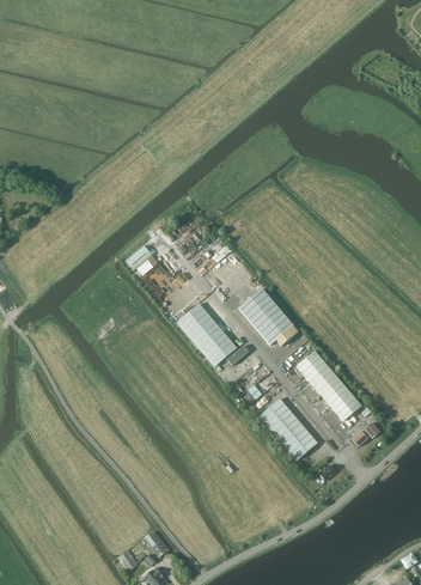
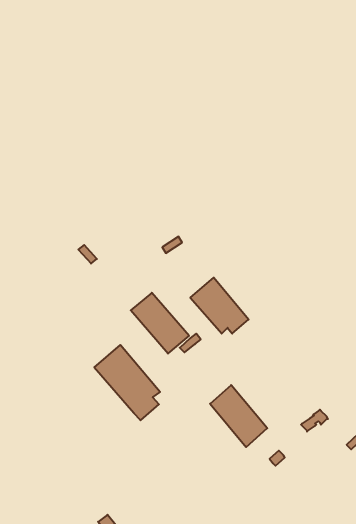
building: [297,351,361,421] -> none
building: none -> [94,345,160,420]

